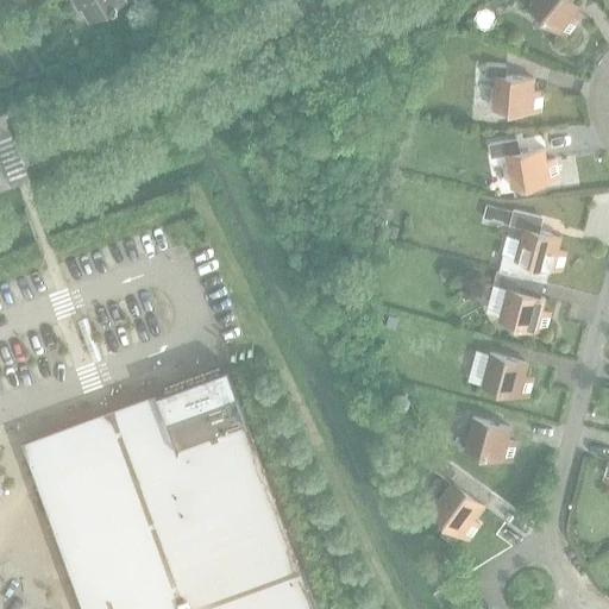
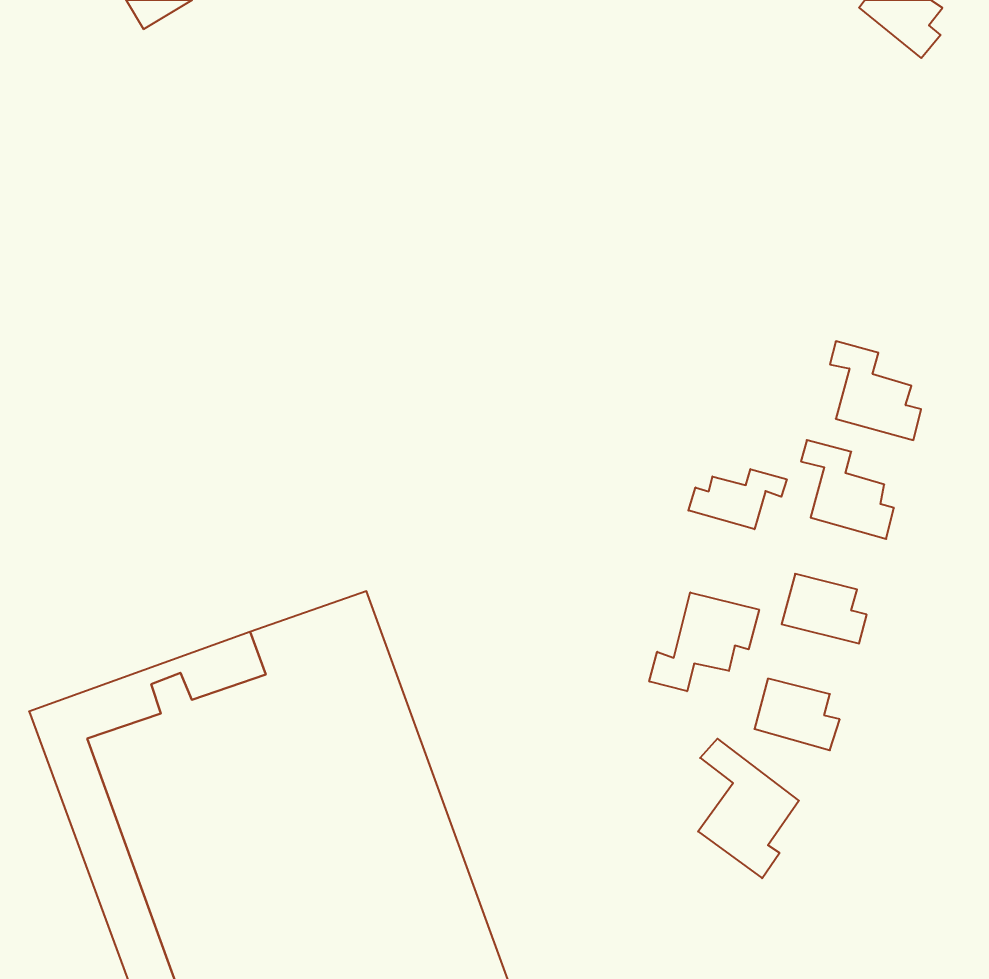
building: [483,70,540,118] -> none
building: [488,145,557,193] -> none
building: none -> [688,469,787,529]
building: none -> [649,592,759,691]

